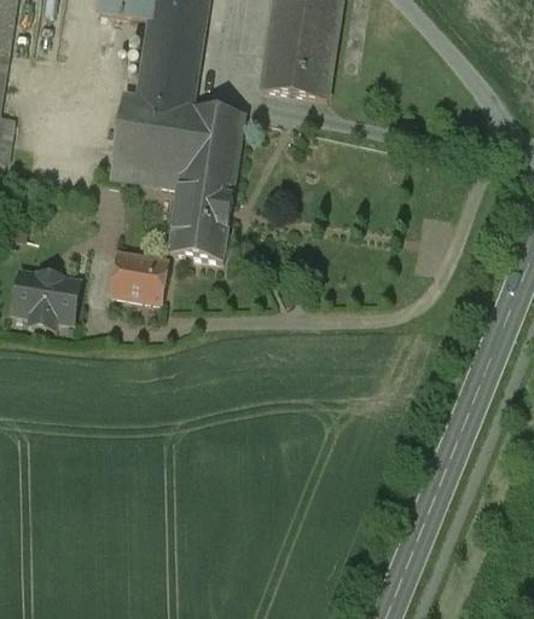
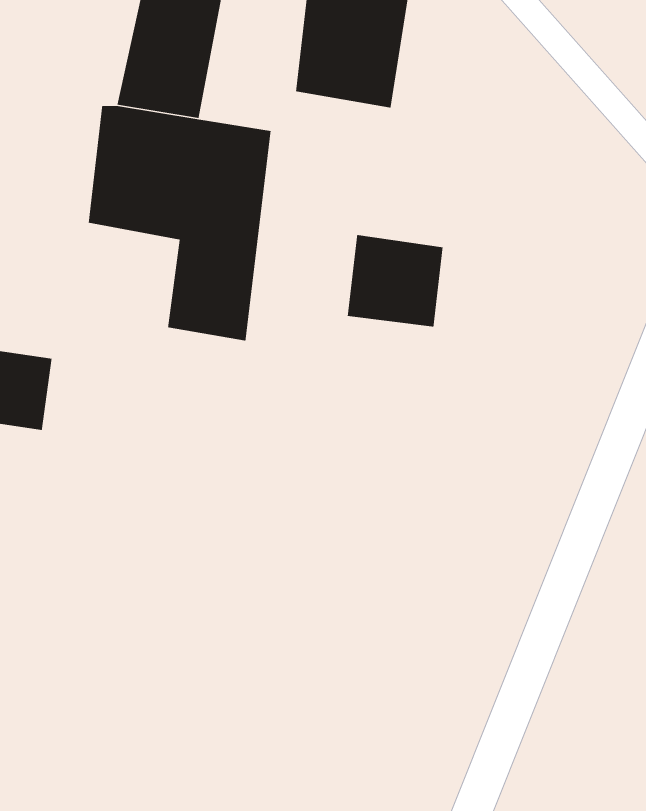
building: none -> [347,234,443,328]
building: [106,254,168,307] -> none

